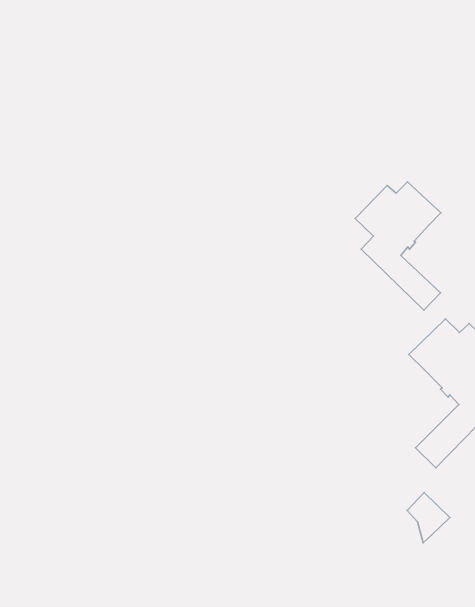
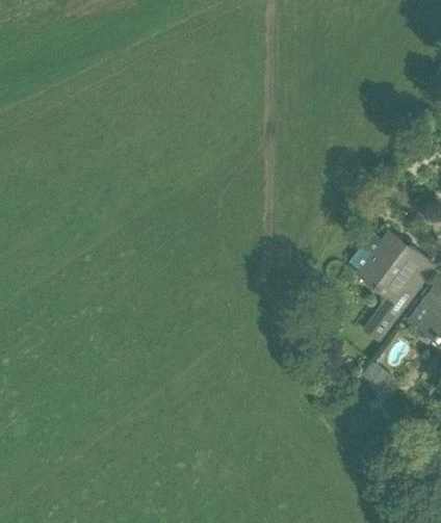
building: [355,182,441,310] -> none

